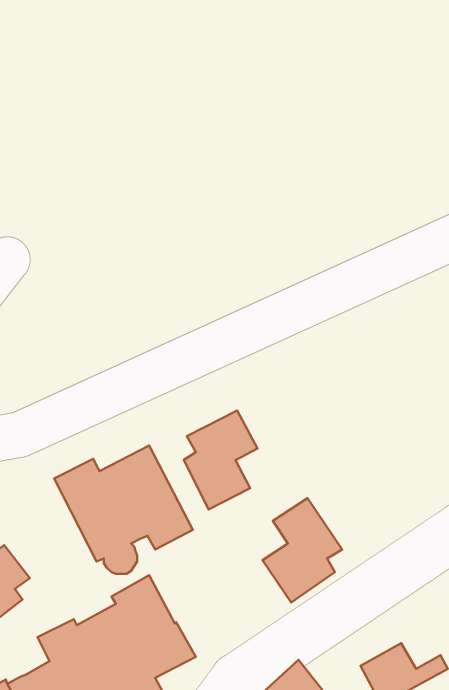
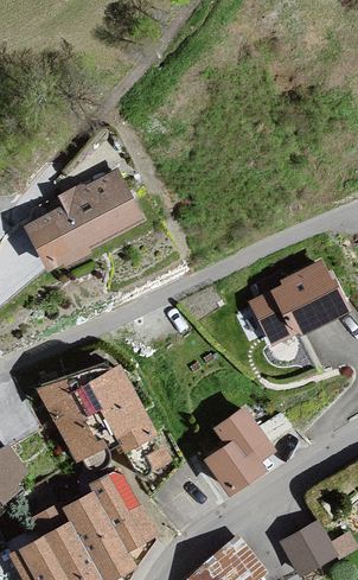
building: none -> [27,171,139,264]
building: none -> [254,262,343,343]
building: [184,410,257,509] -> none

